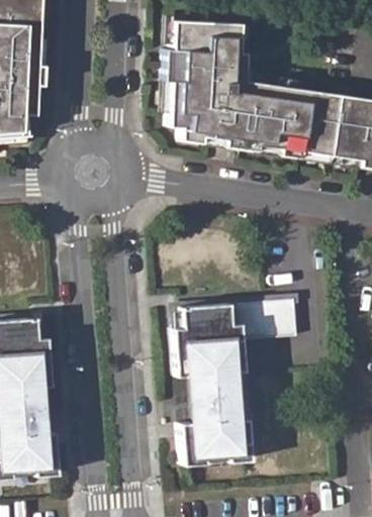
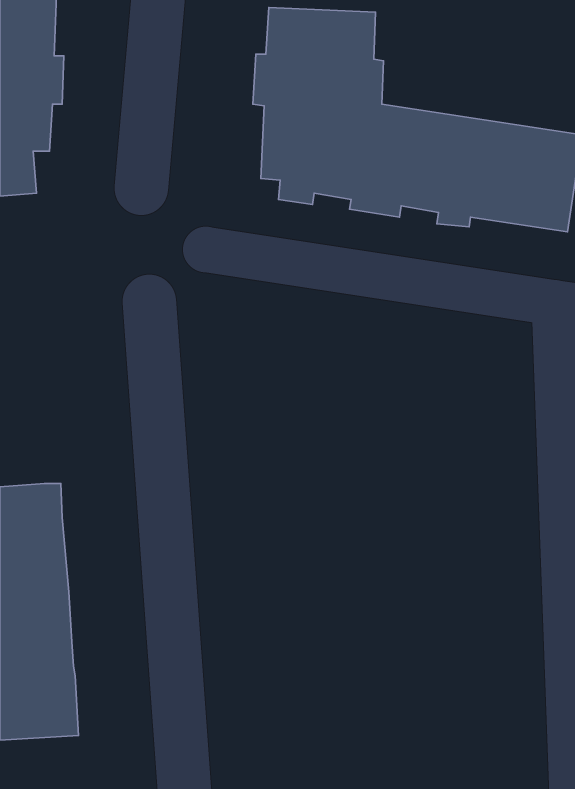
building: [172,301,297,466] -> none

